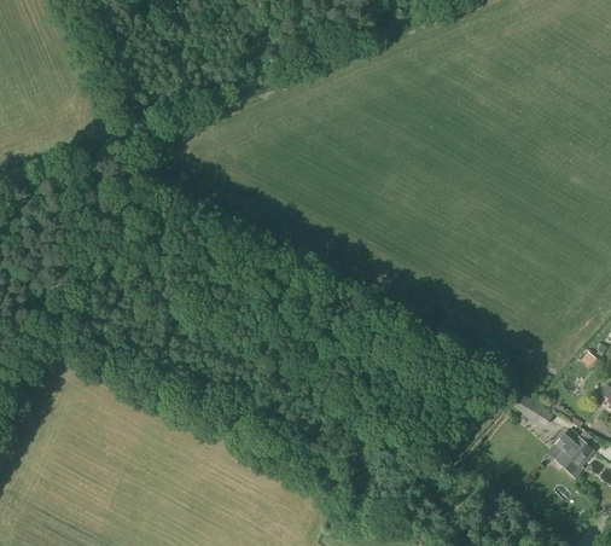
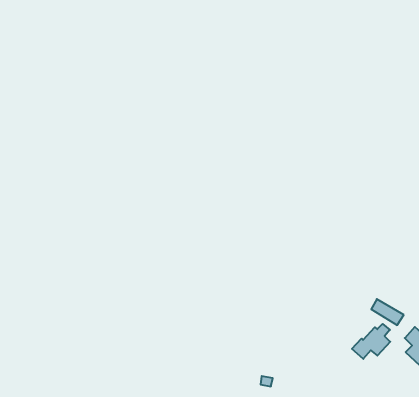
building: none -> [352,324,390,359]

